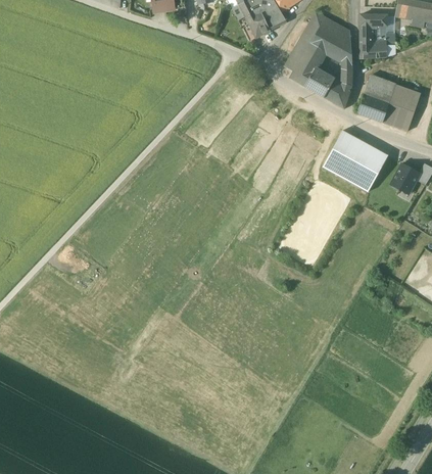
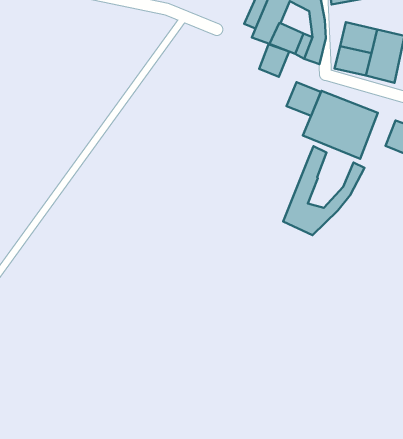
building: none -> [259,44,289,77]
building: none -> [287,82,321,116]
building: none -> [283,146,365,235]

